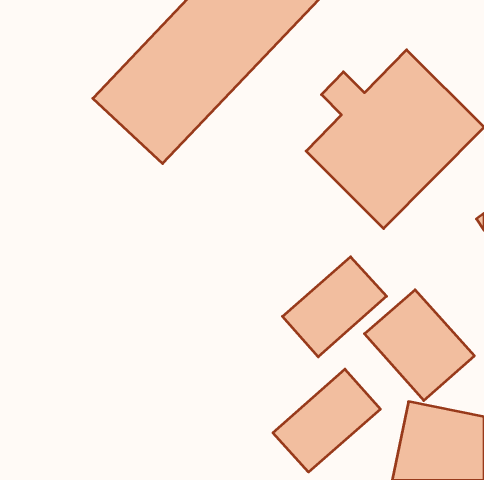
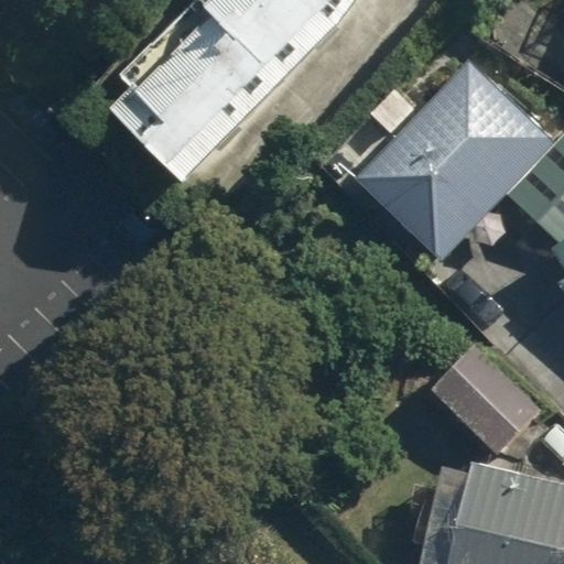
building: [282,257,387,357] -> none
building: [273,369,380,472] -> none

